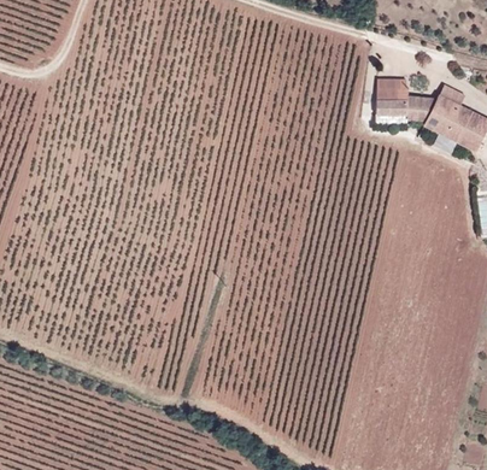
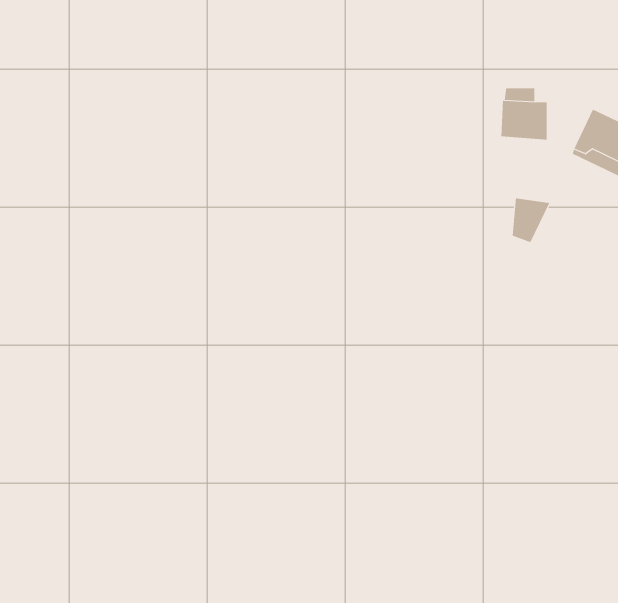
building: [417,90,444,122] -> [512,198,550,243]

